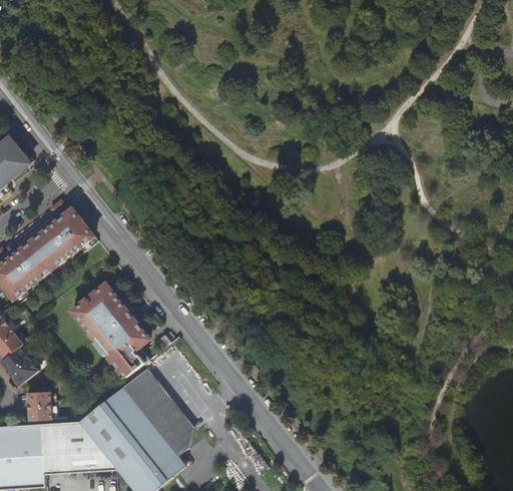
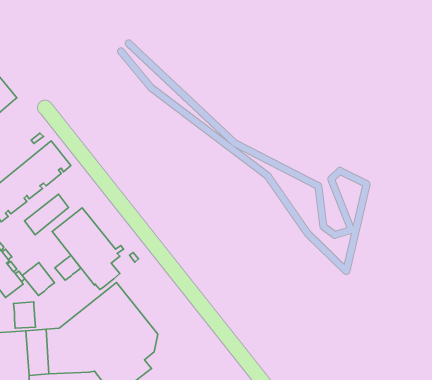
building: none -> [24,194,69,235]
building: none -> [55,255,81,280]
building: none -> [22,262,55,295]

